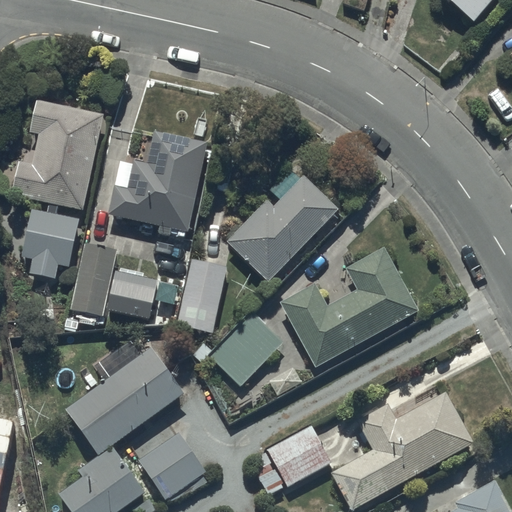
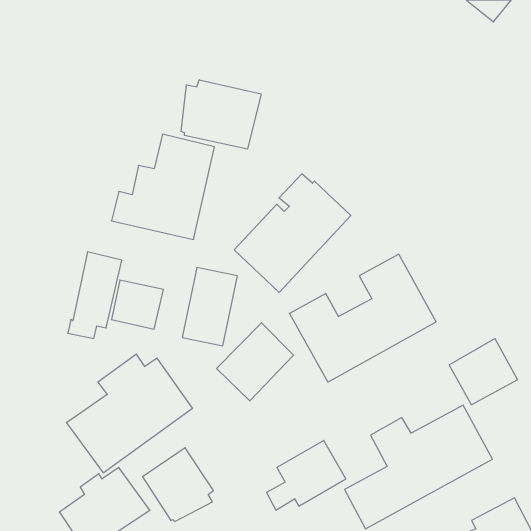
building: none -> [181,80,261,149]
building: [11,99,104,278] -> none
building: none -> [449,339,517,405]

